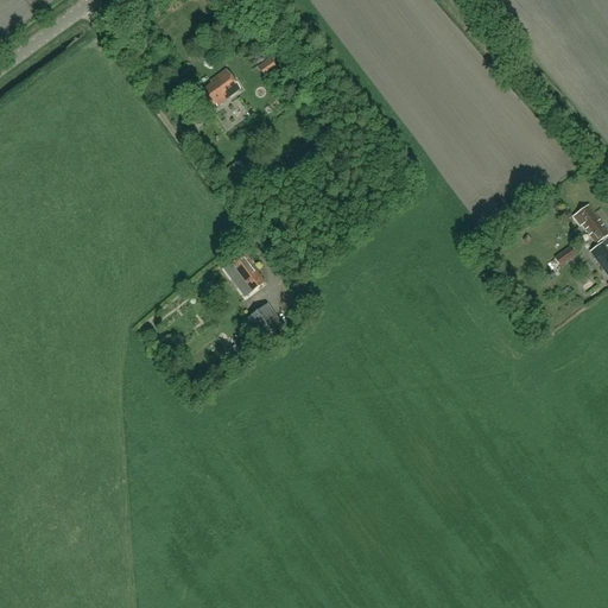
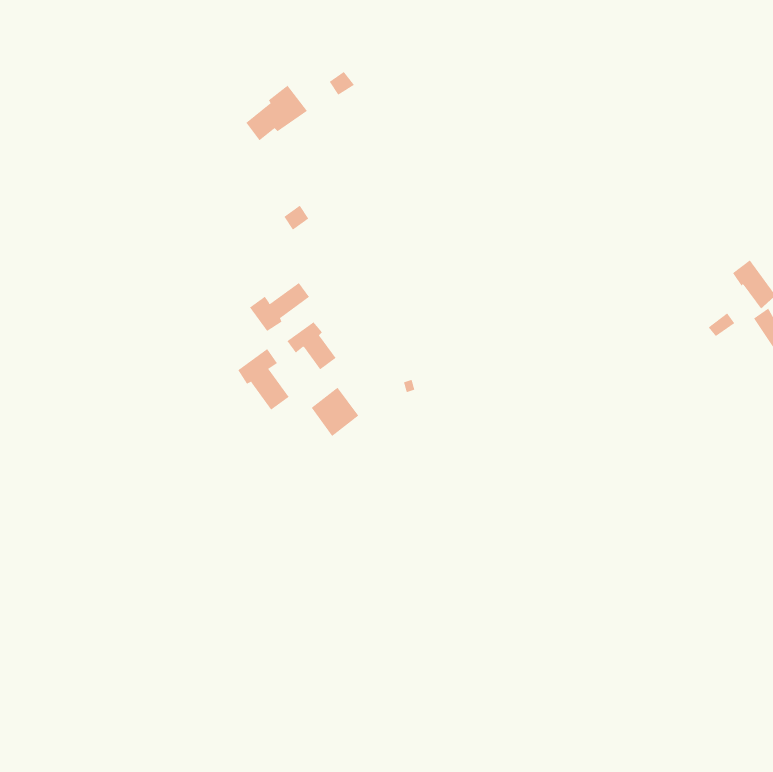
building: none -> [249,282,310,332]
building: none -> [238,348,289,411]

